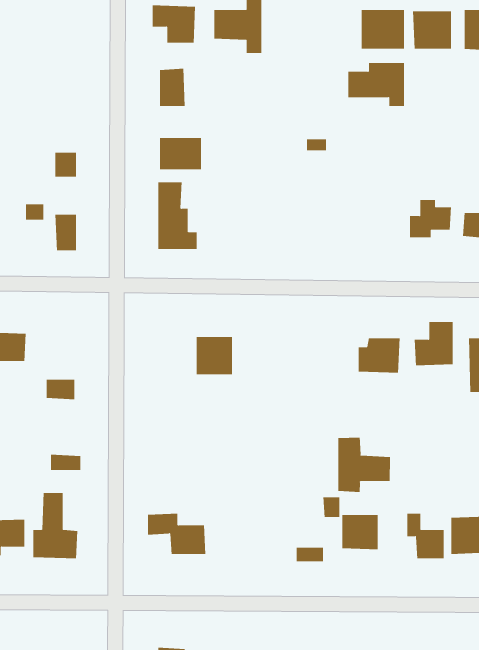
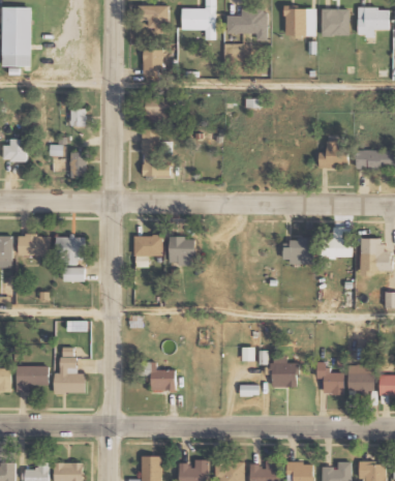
building: [347,62,405,107] -> [226,9,267,40]
building: none -> [134,236,162,268]
building: none -> [55,237,85,263]
building: [338,437,391,493] -> none

